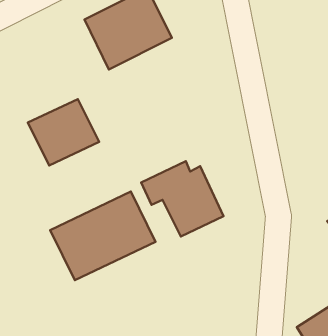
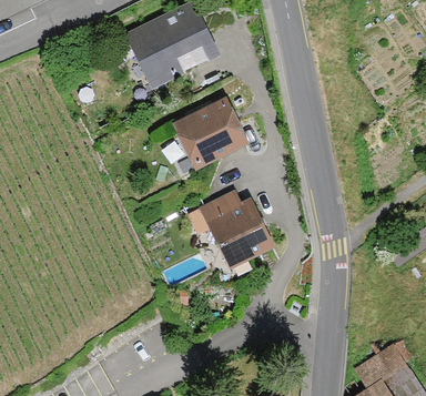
building: [28,99,99,165] -> [171,97,248,169]
building: [50,192,155,280] -> none

